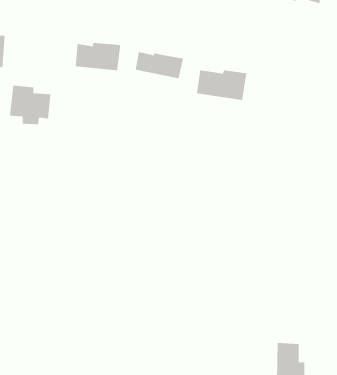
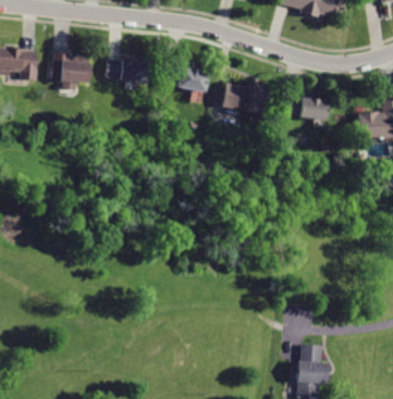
building: none -> [285,97,328,119]
building: [9,85,51,125] -> [49,51,89,89]

